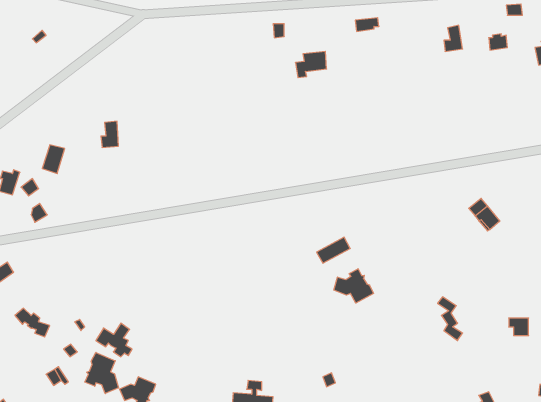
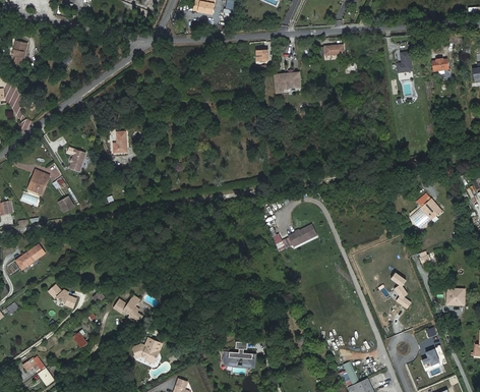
building: [334,269,373,303] -> none
building: [85,352,119,394] -> none

